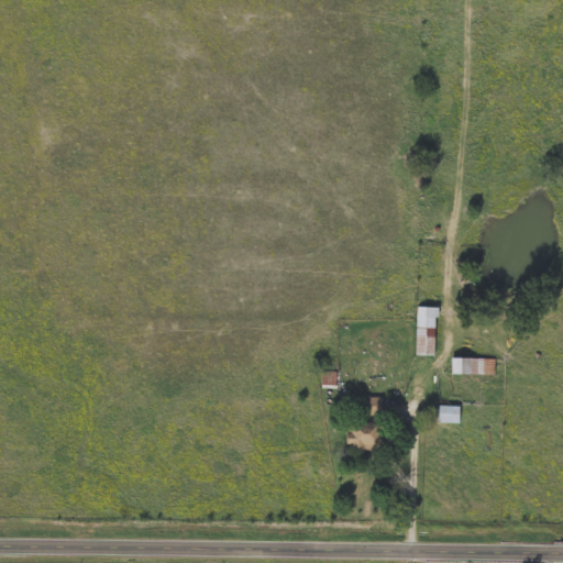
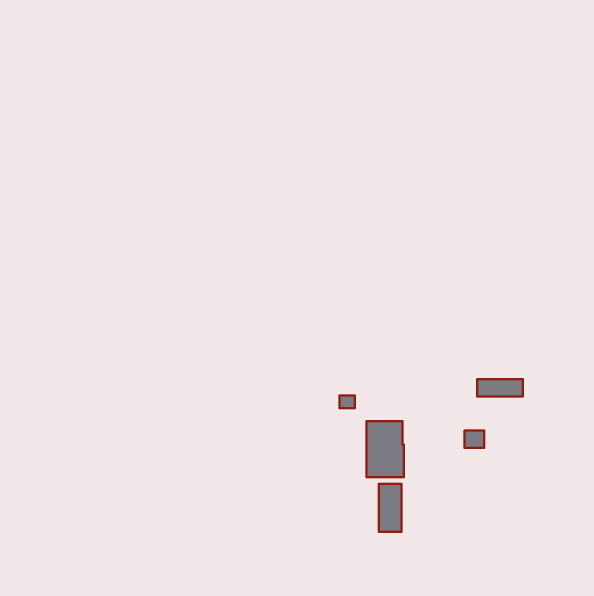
building: [417,307,437,355] -> none
building: none -> [379,484,402,532]

